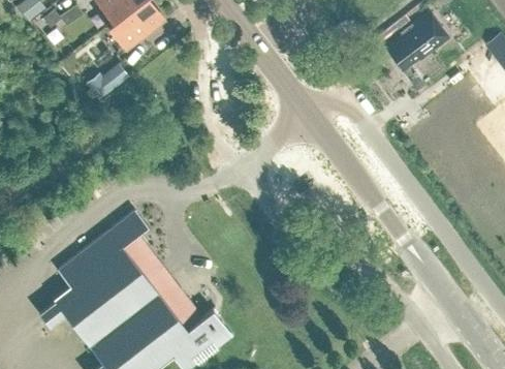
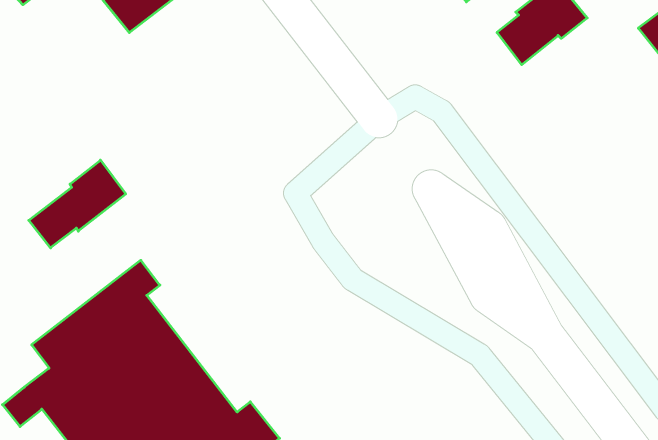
building: [86,63,129,100] -> none
building: none -> [29,160,126,248]

